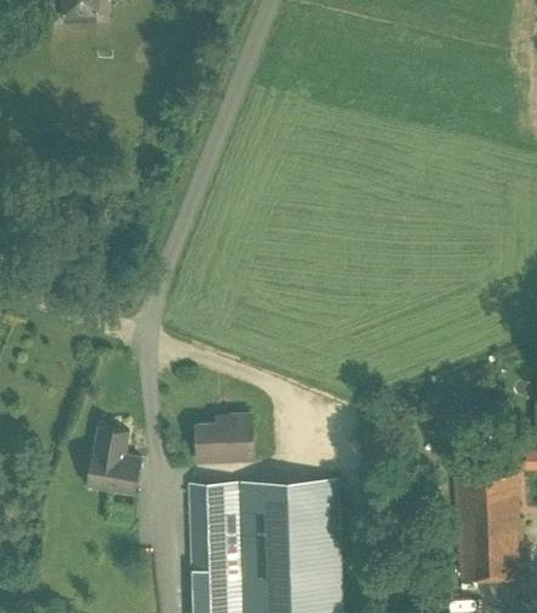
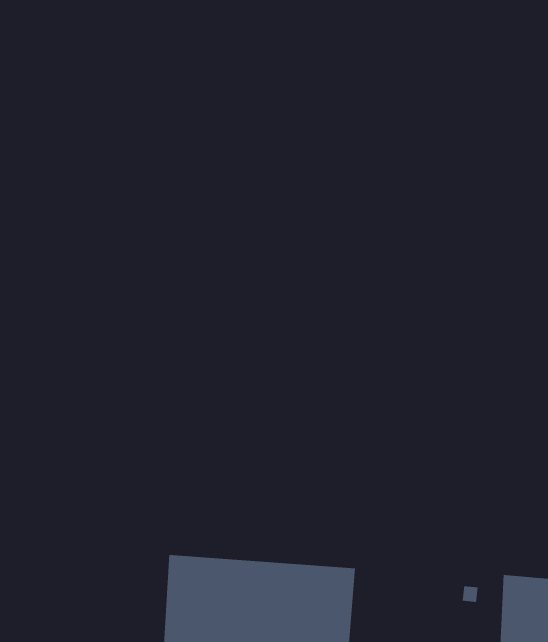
building: [195,414,252,460] -> none
building: [86,425,140,494] -> none

